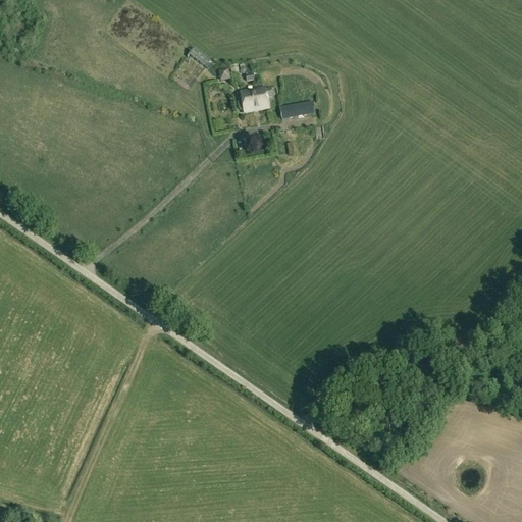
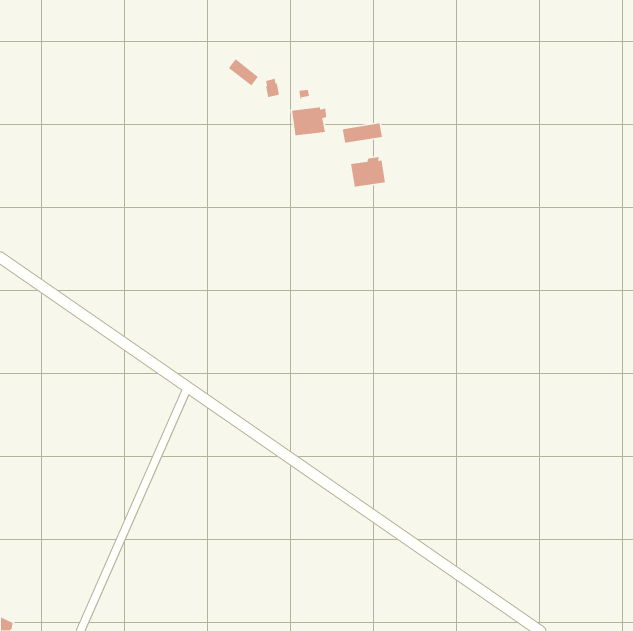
building: none -> [350,156,386,187]

